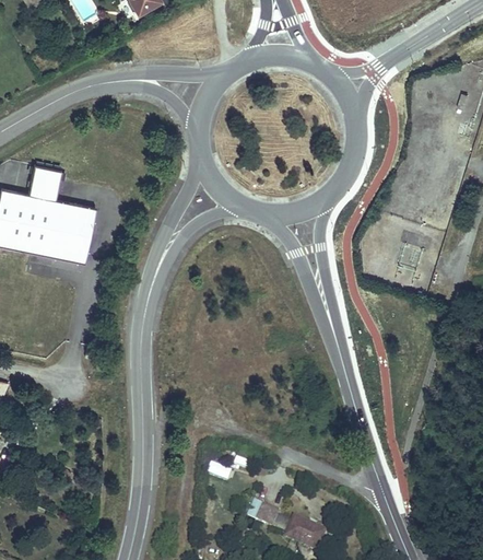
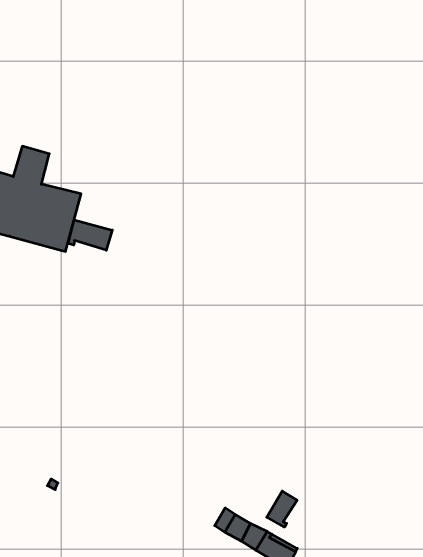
building: none -> [68,220,112,250]
building: none -> [267,491,297,527]

